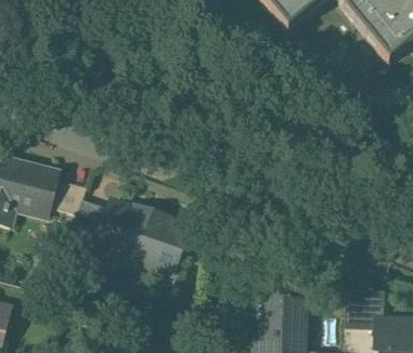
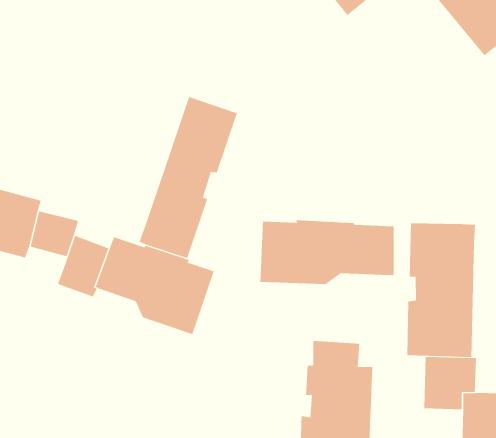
building: none -> [139,96,238,259]
building: none -> [260,219,394,285]
building: none -> [407,222,475,358]

